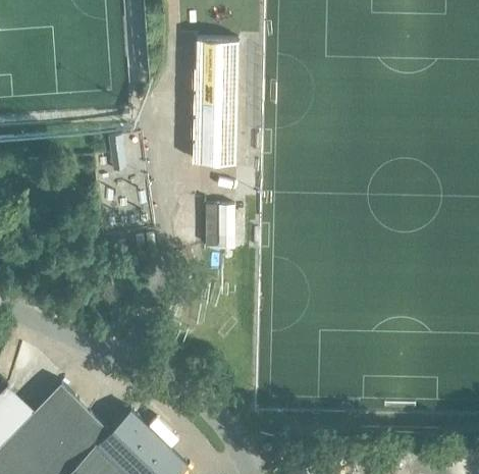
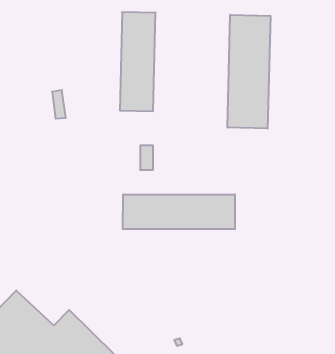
building: none -> [227,15,270,129]
building: none -> [123,194,235,229]

